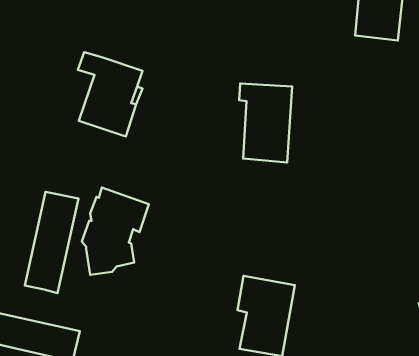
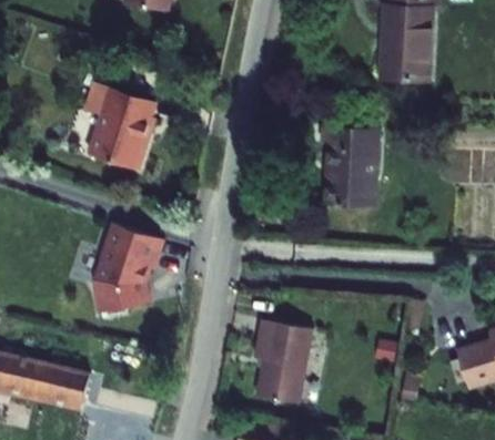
building: [239,83,292,163] -> [331,110,387,194]
building: [25,192,79,293] -> none

